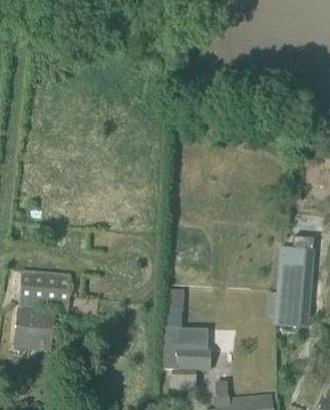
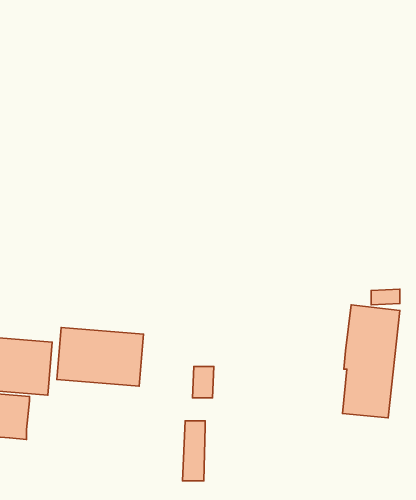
building: none -> [57,328,144,386]
building: [178,331,211,369] -> none

